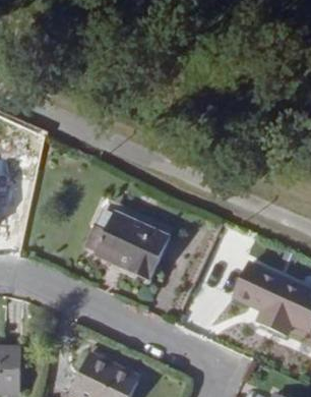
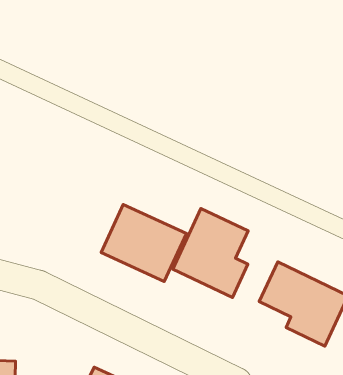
building: none -> [173,208,248,297]

